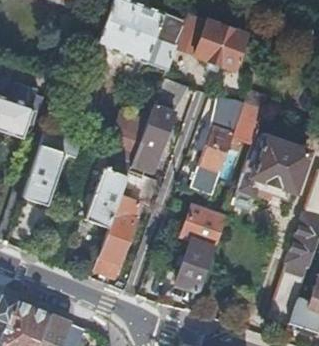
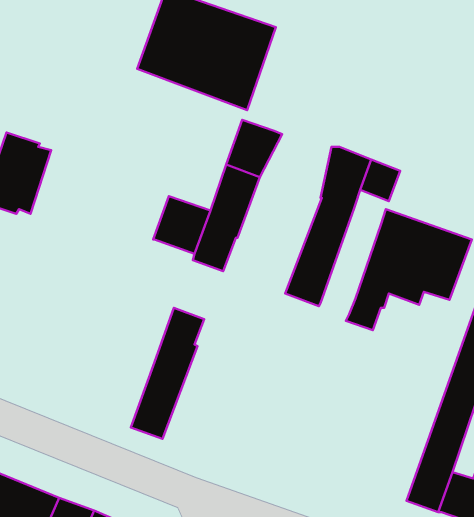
building: [175,13,247,71] -> none
building: [23,130,83,206] -> none
building: [85,153,134,230] -> none
building: [174,202,226,290] -> none

